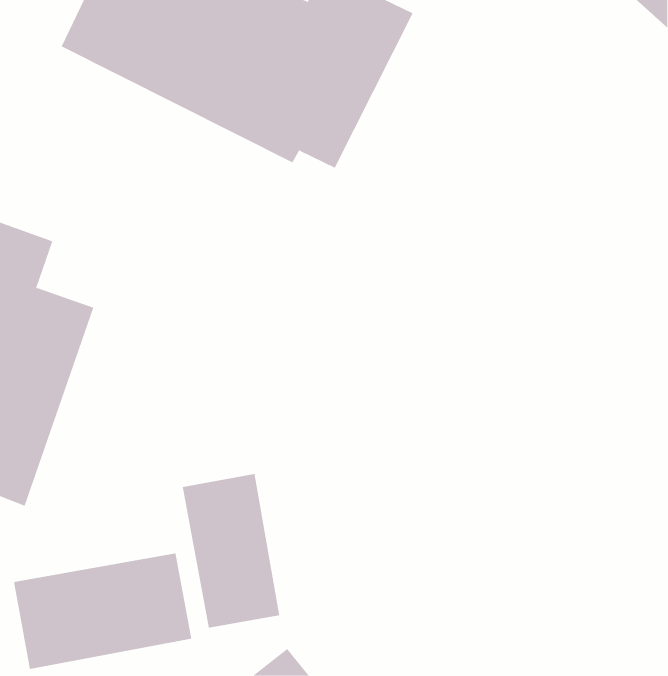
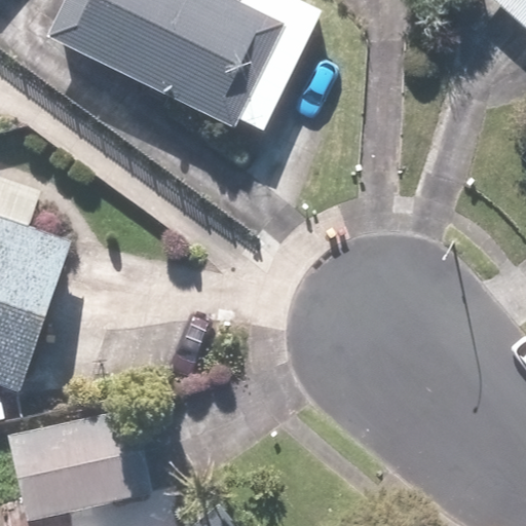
building: [182,473,280,629] -> none

